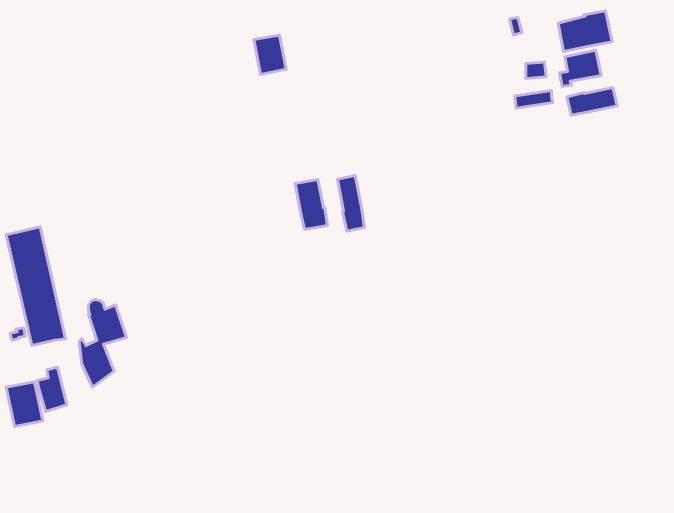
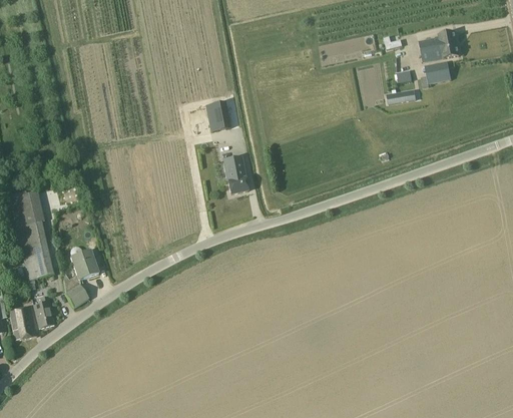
building: [254,35,286,74] -> [206,102,230,131]
building: [567,87,617,115] -> none
building: [337,175,365,231] -> none

